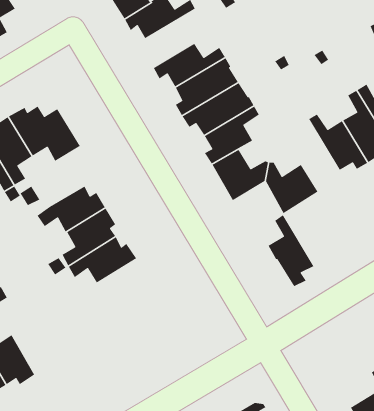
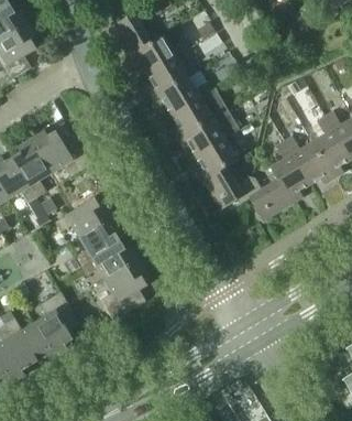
building: none -> [146,48,195,98]
building: [268,214,315,287] -> [271,141,310,203]
building: none -> [101,259,149,321]
building: none -> [34,292,79,357]

